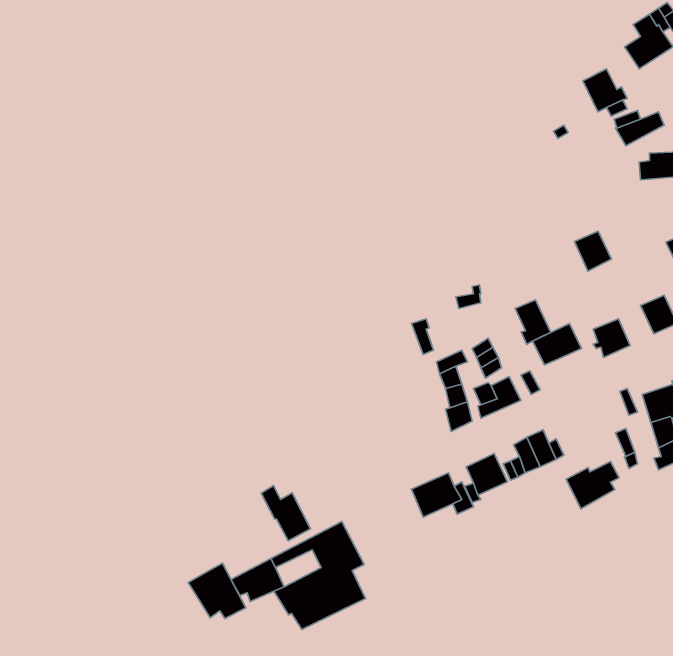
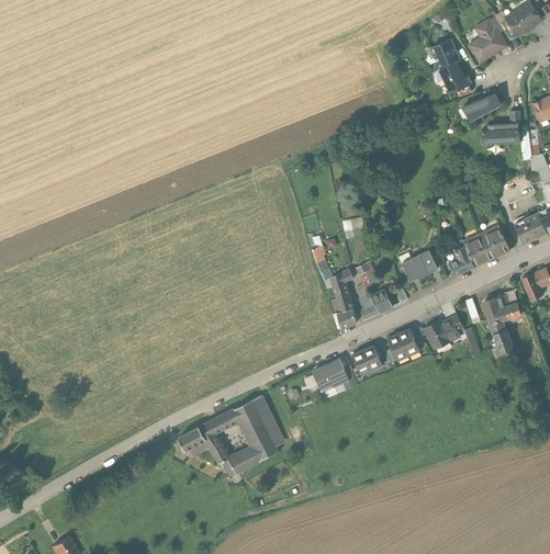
building: none -> [428,38,460,70]
building: [574,231,611,271] -> [464,236,492,265]
building: [515,300,551,345] -> none
building: [566,462,619,509] -> [424,315,463,350]
building: [261,486,311,541] -> none
building: [188,563,246,618] -> none

